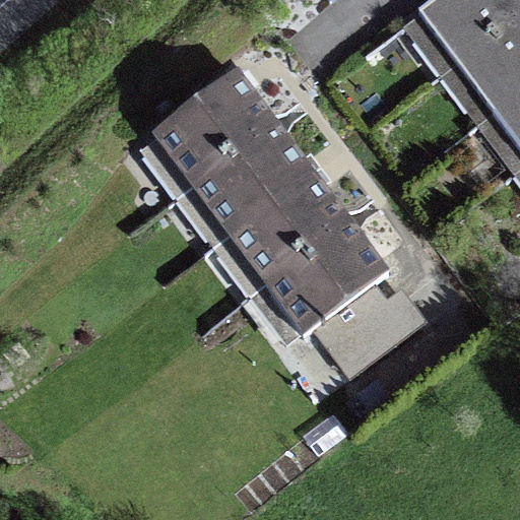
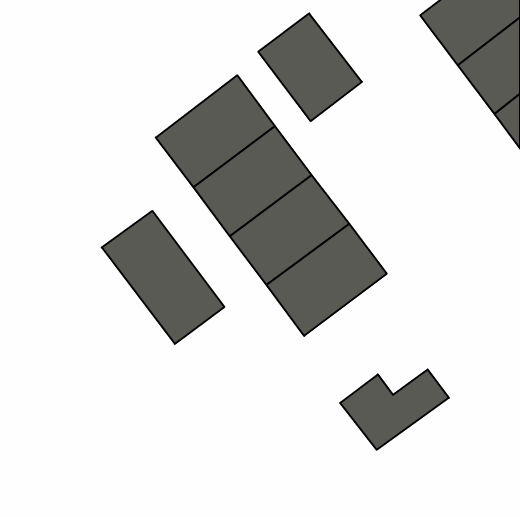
building: none -> [258,13,362,121]
building: none -> [102,211,224,344]
building: [314,294,422,374] -> [340,369,449,450]

